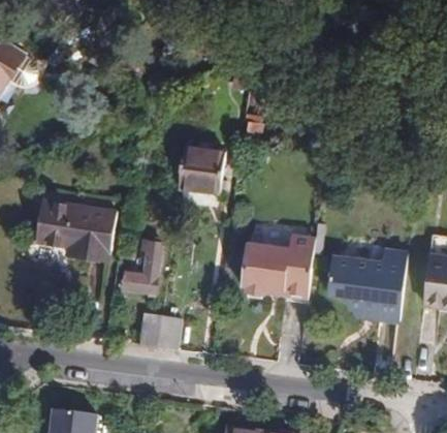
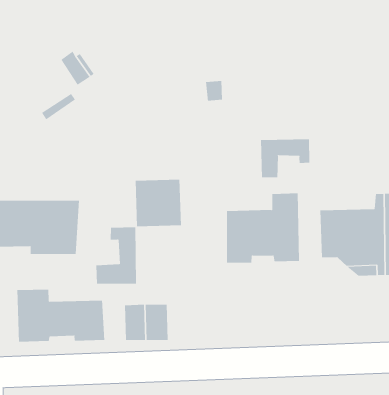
building: [179,145,225,192] -> [135,179,182,227]
building: none -> [261,138,310,178]
building: none -> [17,289,105,342]

